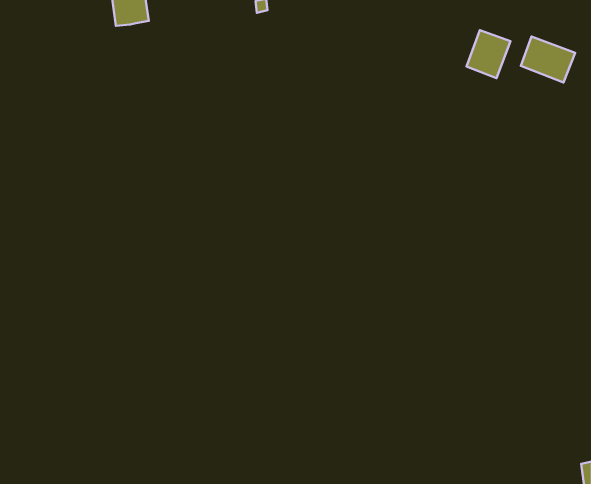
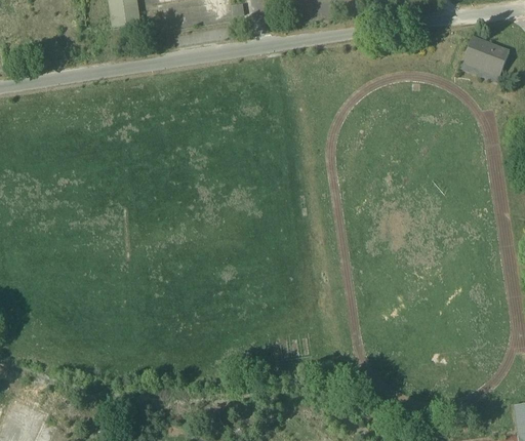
building: [466,30,511,78] -> none

